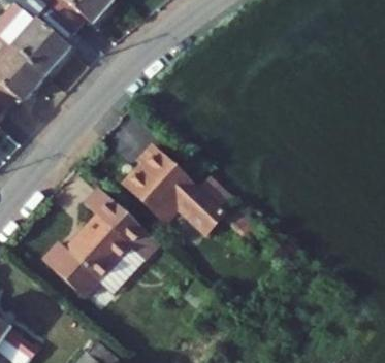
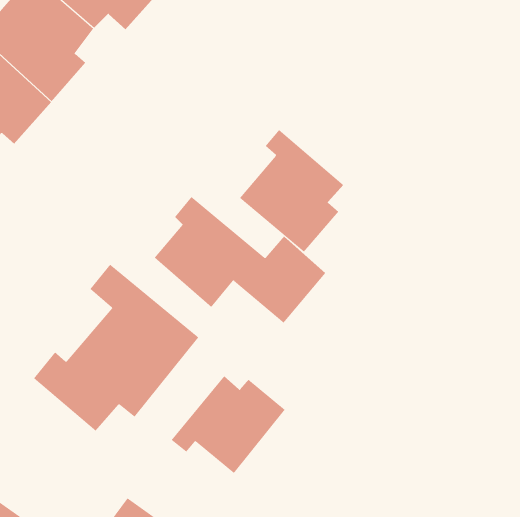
building: none -> [239,129,344,252]
building: none -> [171,376,286,474]

